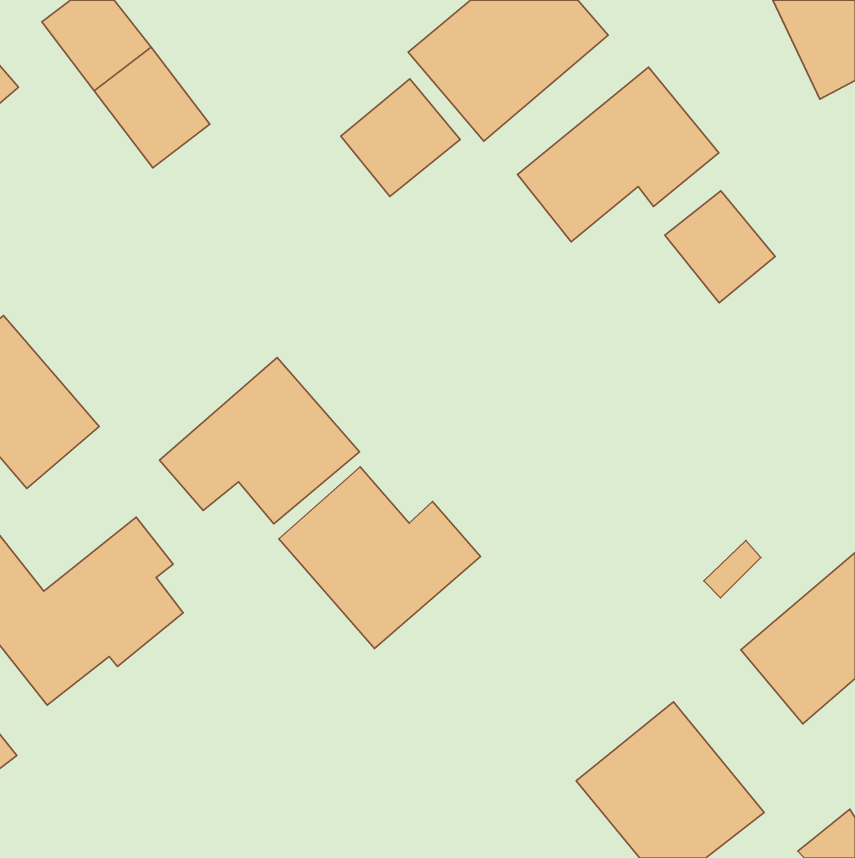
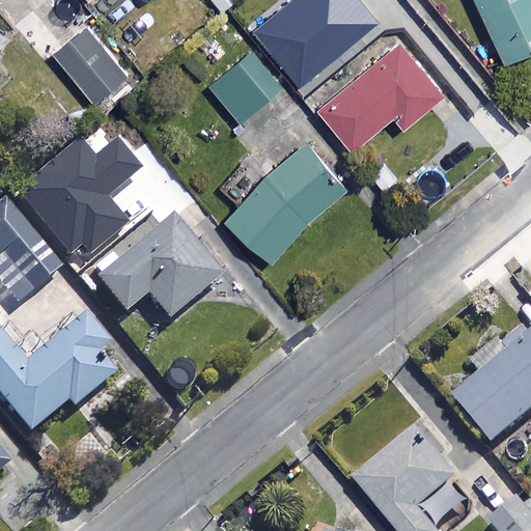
building: [665,191,775,303] -> none
building: none -> [17,134,143,252]
building: none -> [225,140,347,260]
building: [279,467,480,648] -> none

